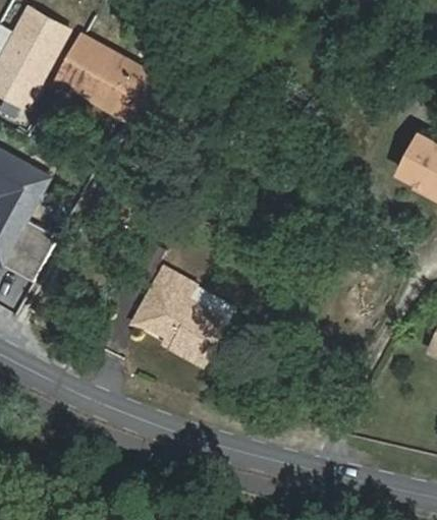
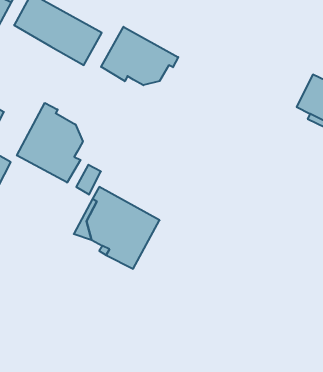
building: none -> [101,27,178,85]
building: none -> [17,103,83,183]

